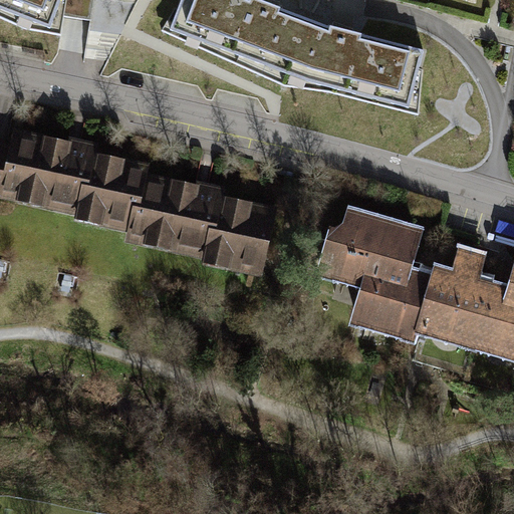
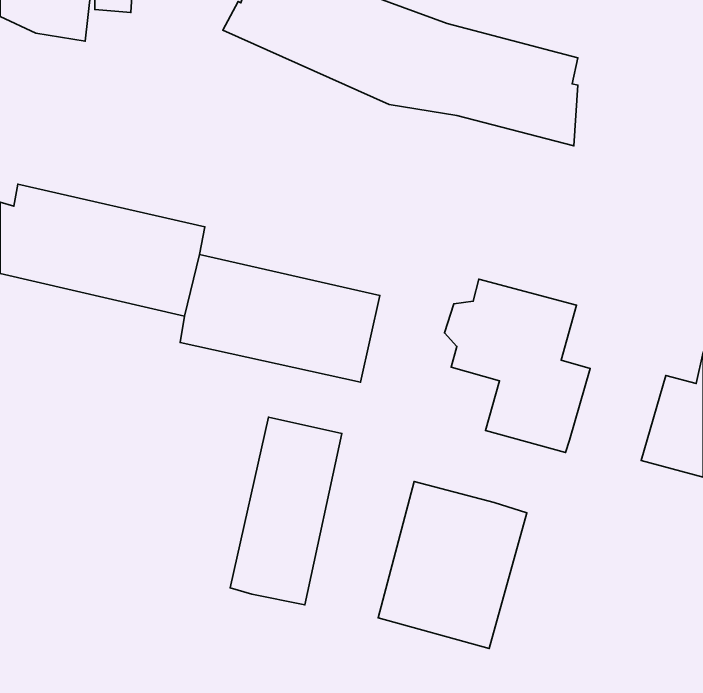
building: [416,244,486,336] -> none
building: none -> [230,417,342,605]
building: none -> [378,481,527,648]

